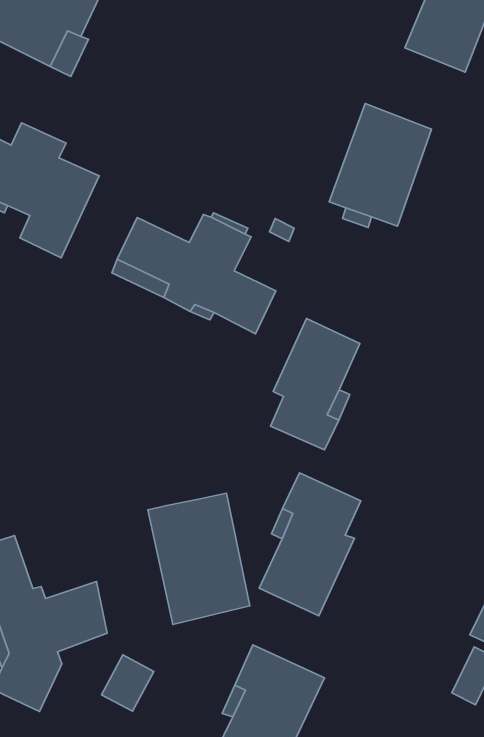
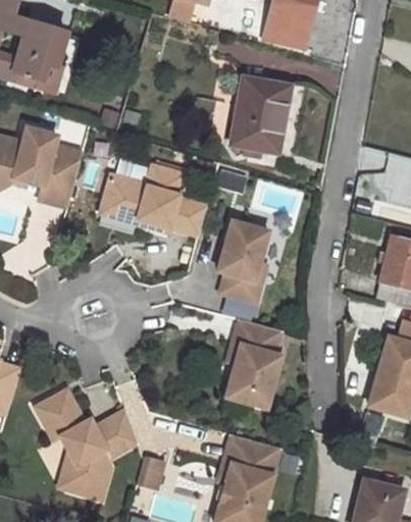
building: [148,493,250,624] -> none

